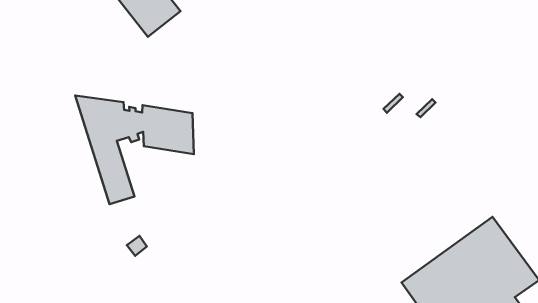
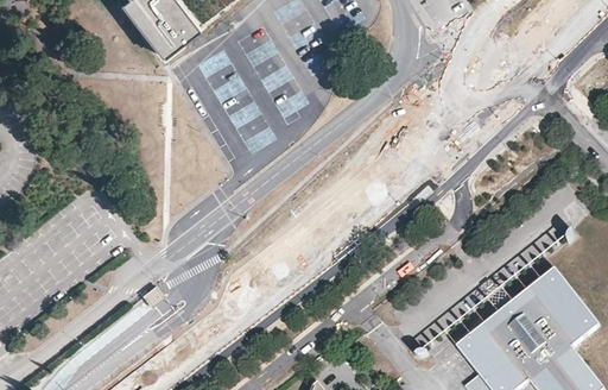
building: [75,96,194,204] -> none

